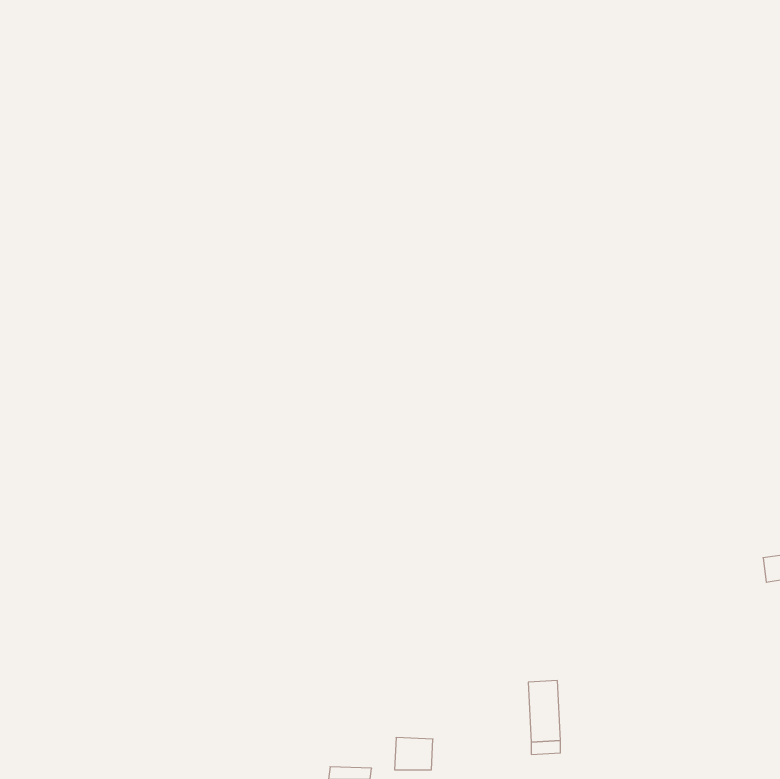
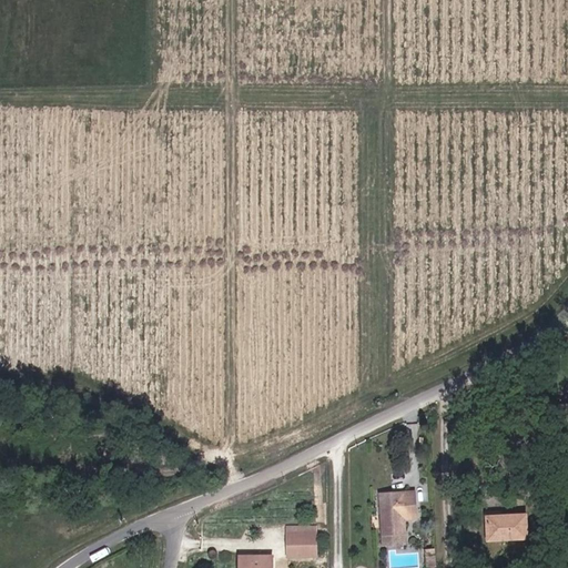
building: none -> [481,514,521,539]

